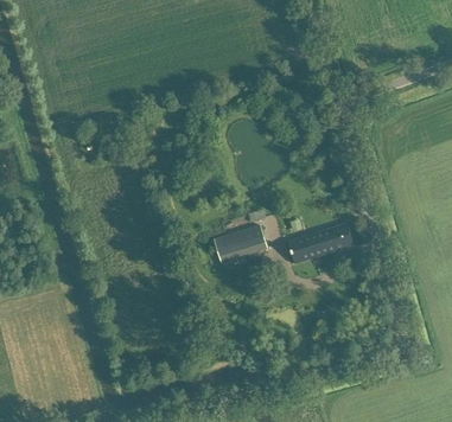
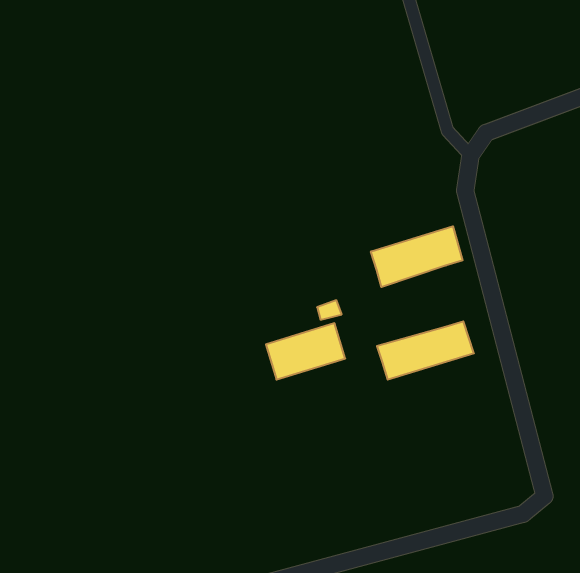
building: none -> [371,226,463,287]

